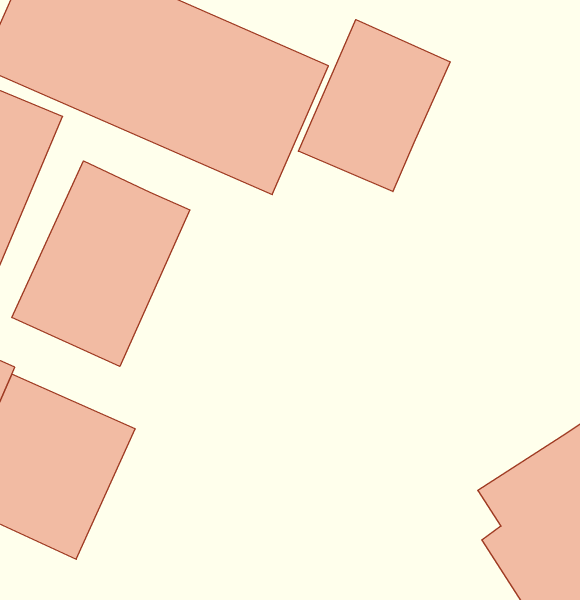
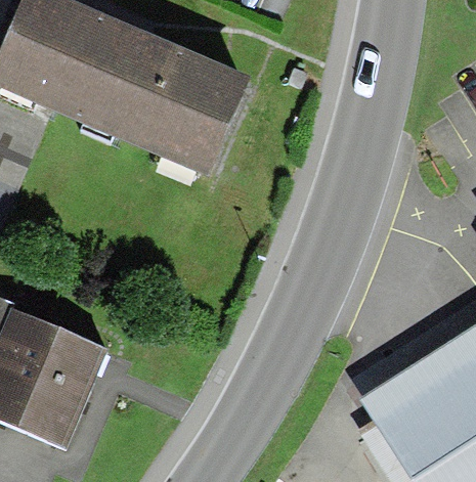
building: [298,20,450,192] -> none
building: [12,161,190,366] -> none

